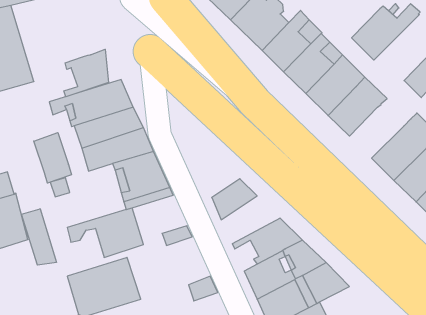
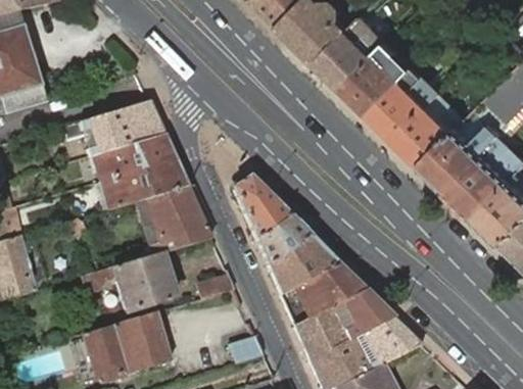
building: [352,4,420,60] -> [422,125,504,192]
building: [64,49,108,97] -> none
building: [34,133,71,183] -> none
building: none -> [234,177,291,239]
building: none -> [269,237,339,294]
building: [21,209,56,265] -> none

